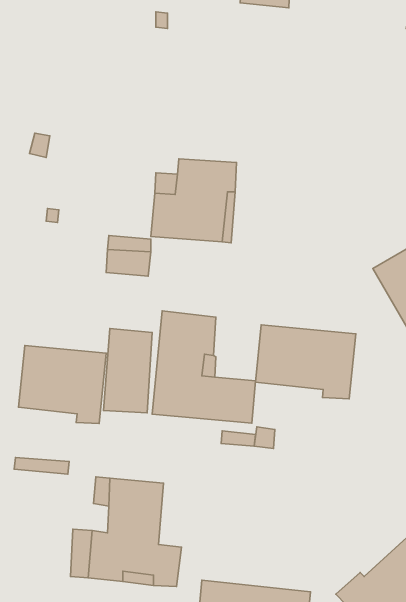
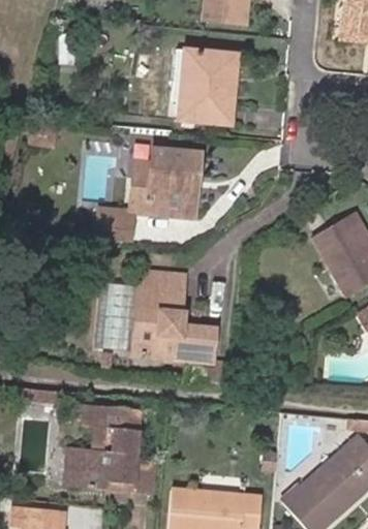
building: none -> [179,46,234,120]
building: [255,325,356,399] -> none
building: [19,346,106,423] -> none

